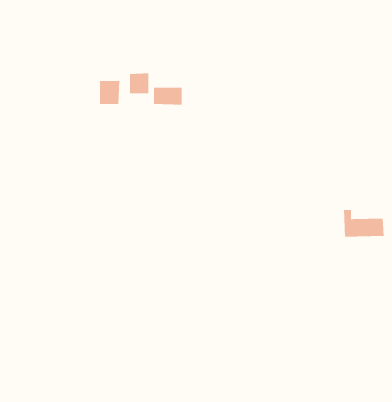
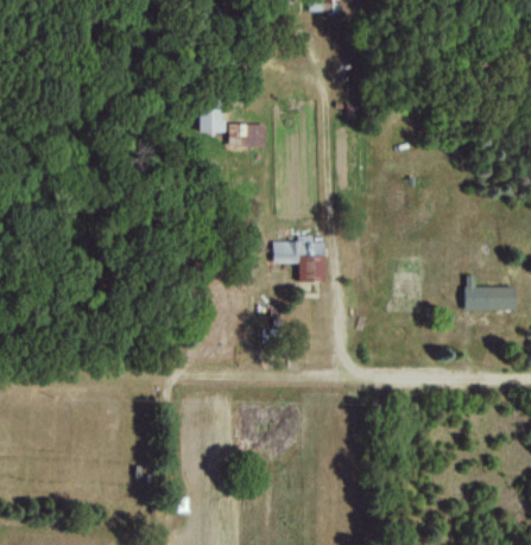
building: [100,80,120,105] -> none
building: none -> [273,236,327,283]

